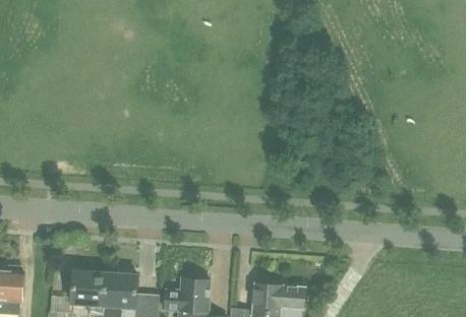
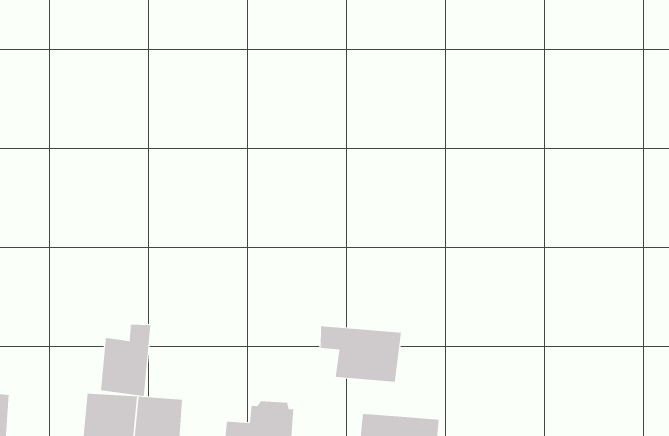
building: none -> [100,324,151,397]
building: none -> [320,326,401,382]

